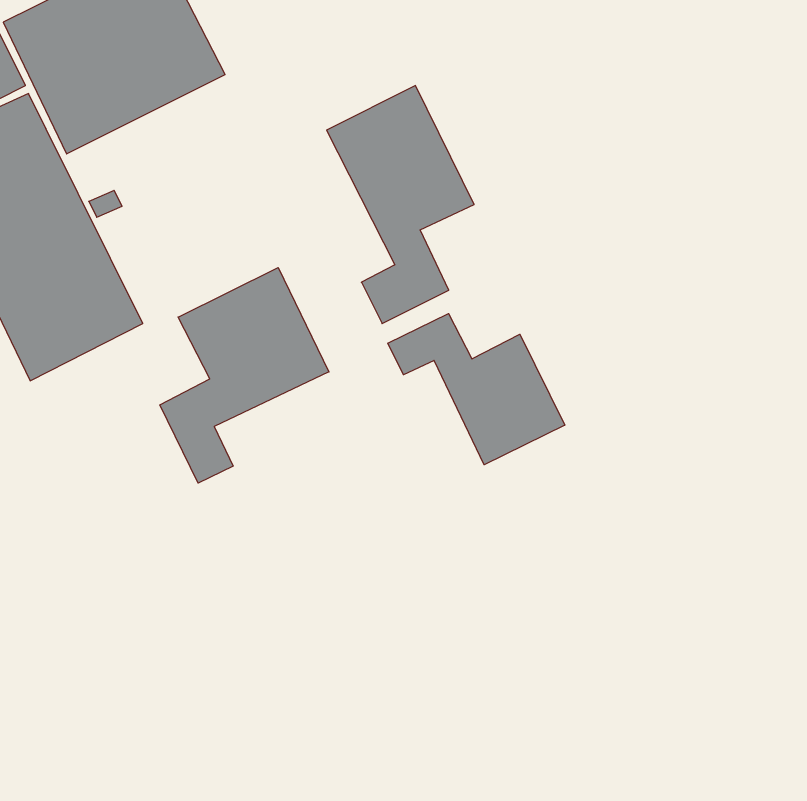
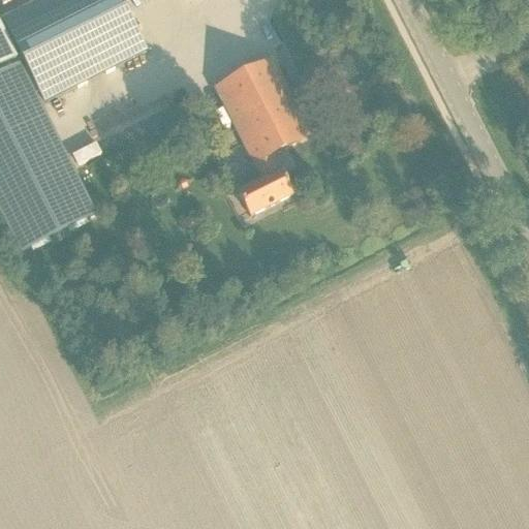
building: [160,268,329,483] -> none
building: [388,314,565,465] -> none

